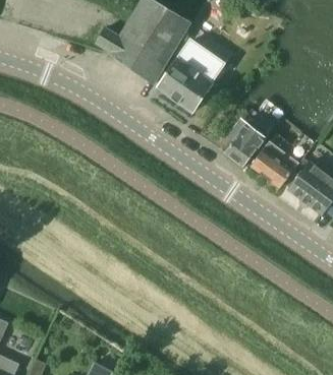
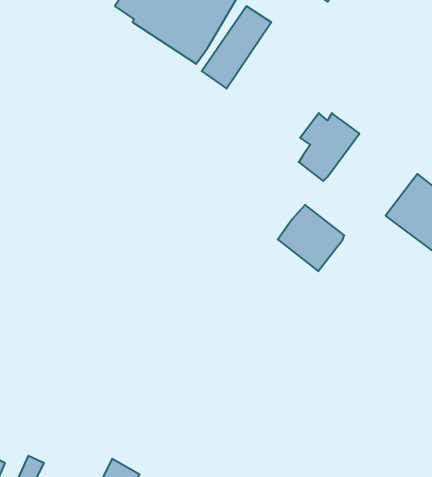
building: [174,54,226,112] -> none
building: [249,141,296,188] -> [278,205,344,271]

